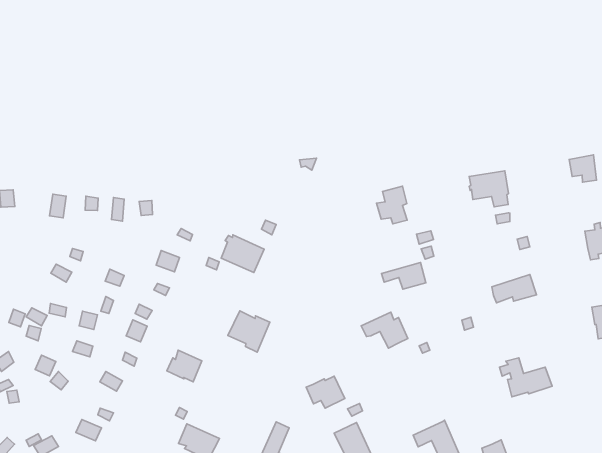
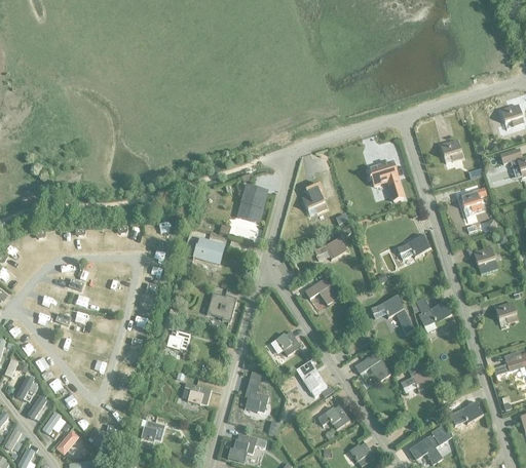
building: none -> [236,183,268,222]
building: none -> [371,296,413,333]

